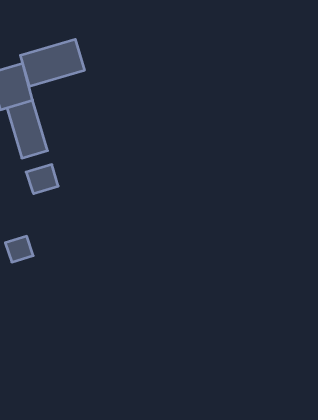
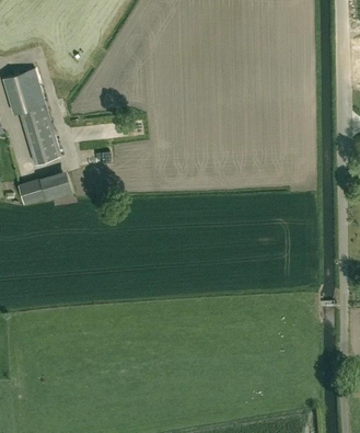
building: [20,39,84,86] -> none
building: [5,236,33,262] -> [18,179,46,205]

